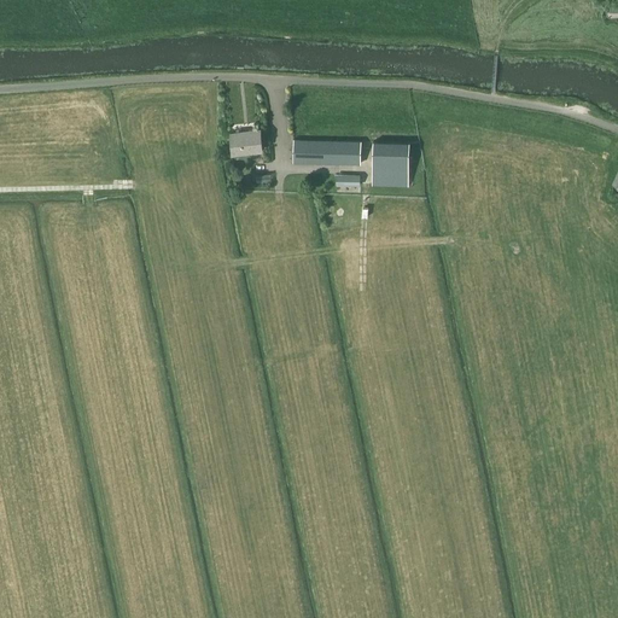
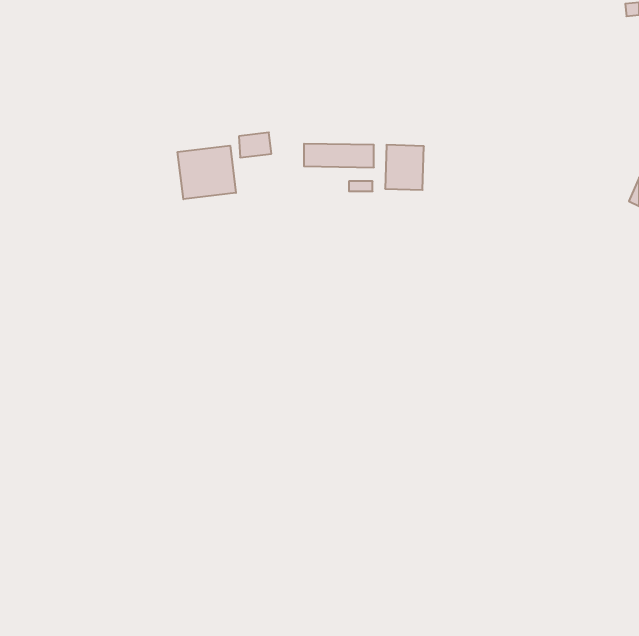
building: none -> [178,146,236,199]

